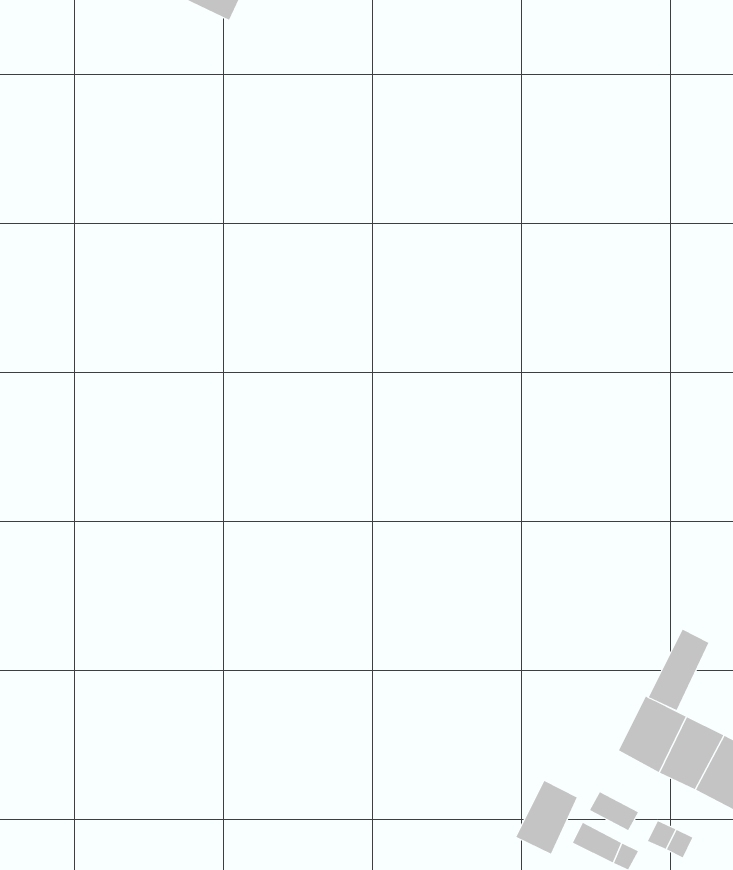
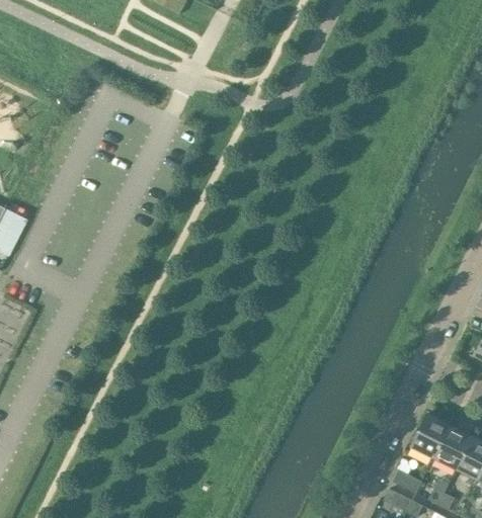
building: [648,629,709,711] -> none
building: [516,780,578,855] -> none

